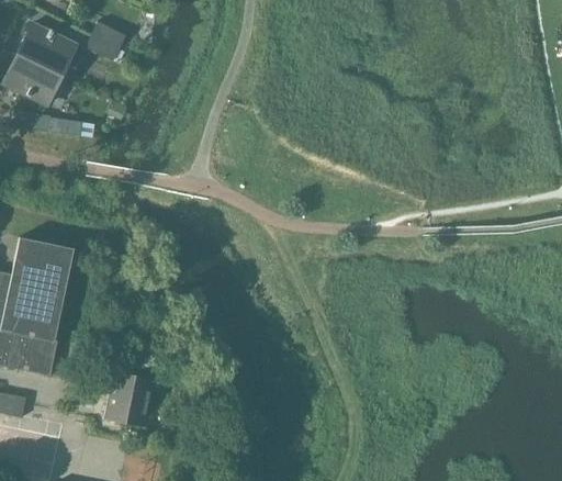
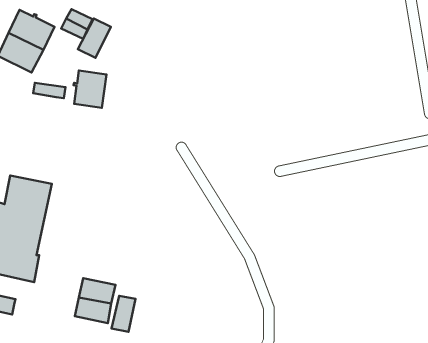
building: none -> [78,19,111,58]
building: none -> [73,71,107,108]
building: none -> [112,296,135,332]

